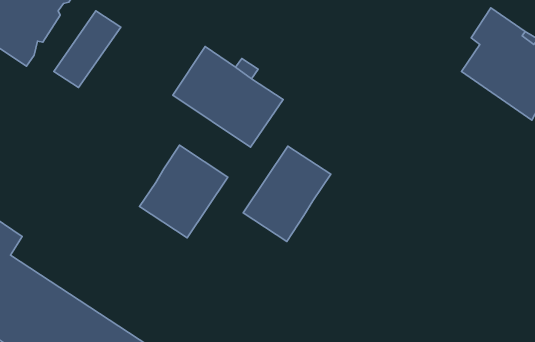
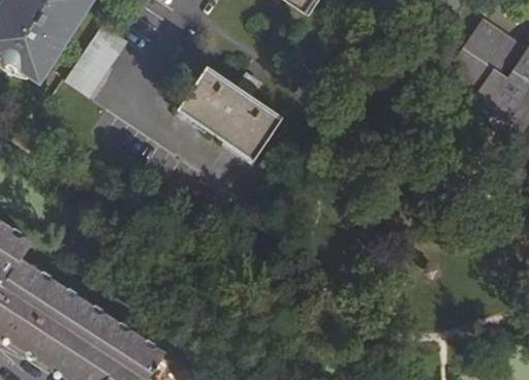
building: [139,145,228,238] -> none
building: [243,146,331,242] -> none

